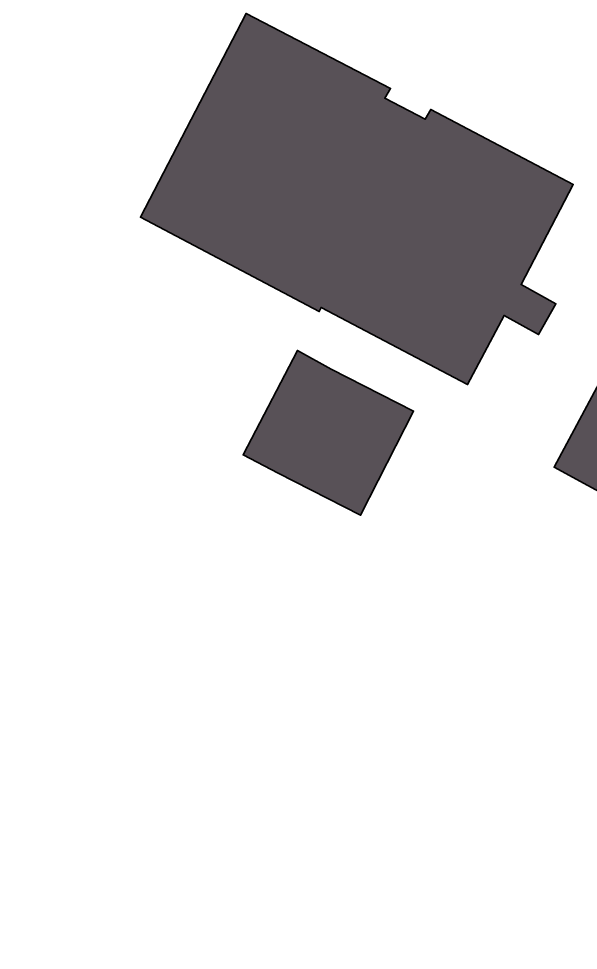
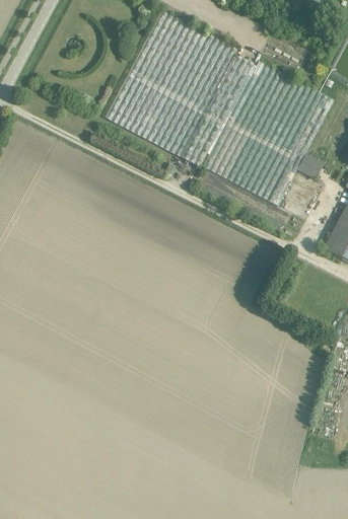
building: [243,350,413,515] -> none

